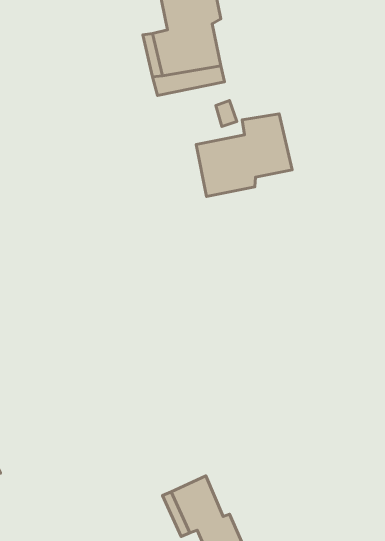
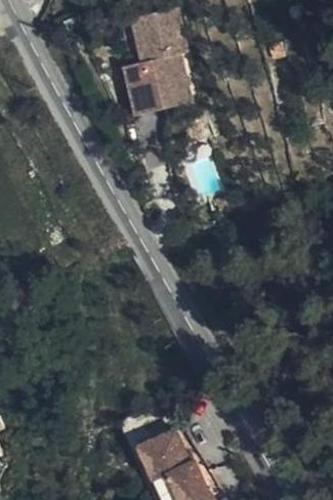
building: [196,114,292,197] -> none

